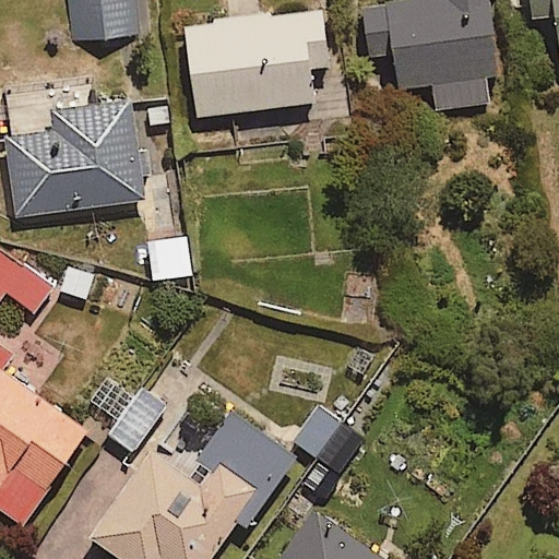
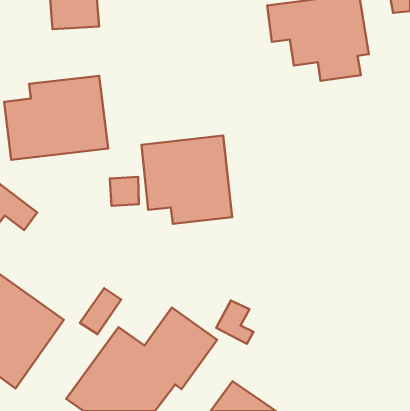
building: [185,13,329,116] -> none
building: none -> [141,136,232,224]

